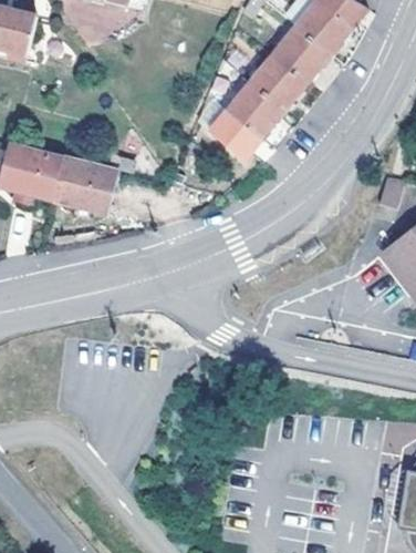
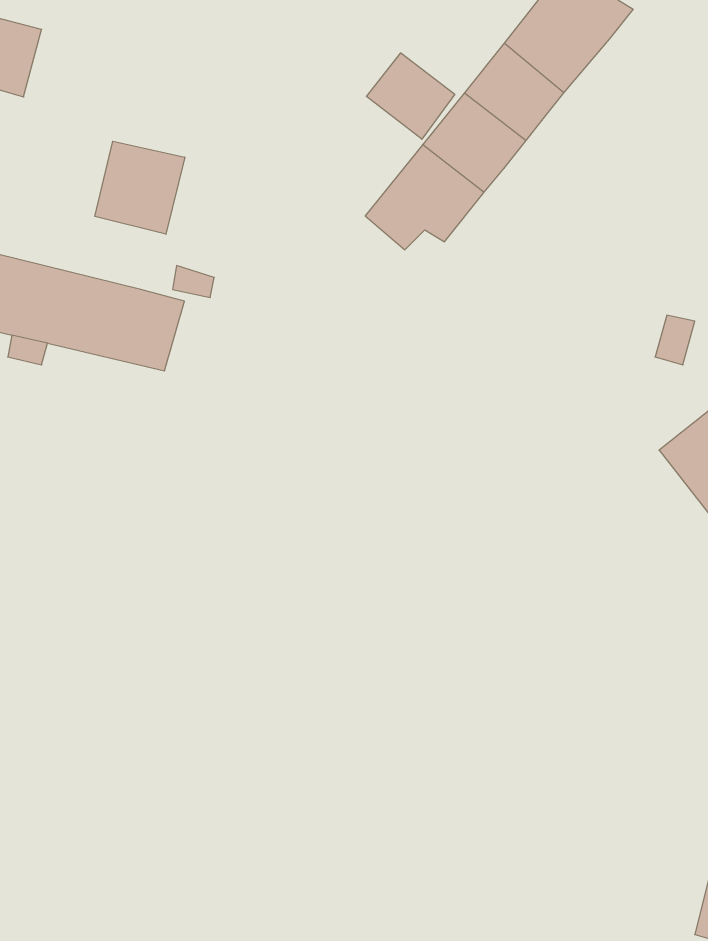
building: none -> [366,53,455,139]
building: none -> [95,141,185,234]

